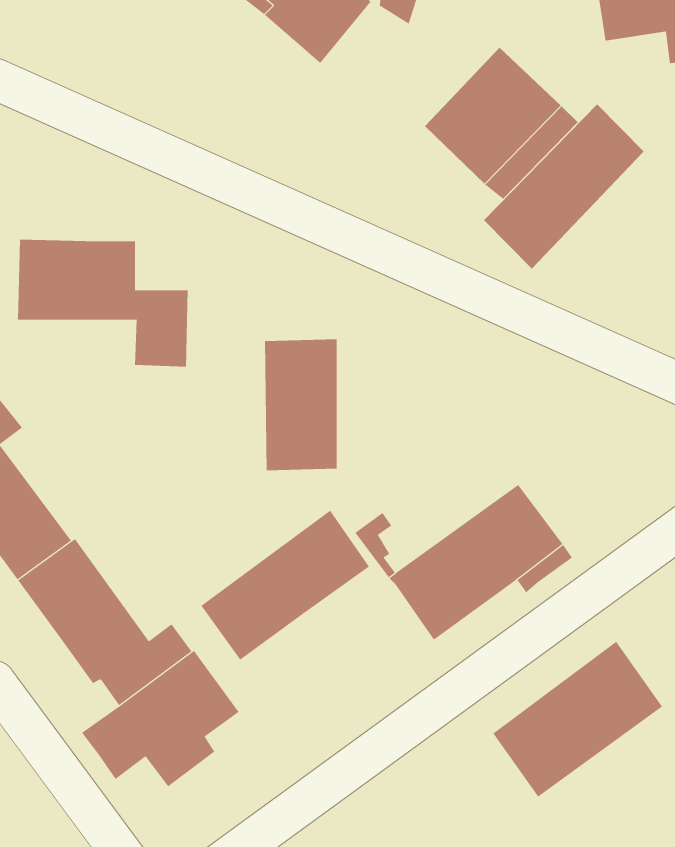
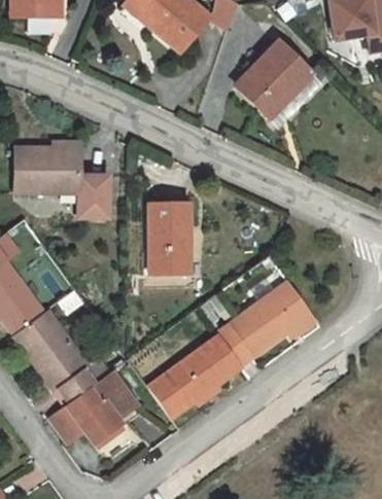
building: [483,104,645,269] -> none
building: [200,510,370,661] -> [148,335,241,418]
building: [493,641,663,798] -> none

